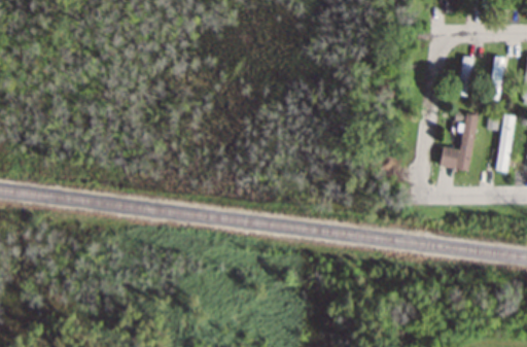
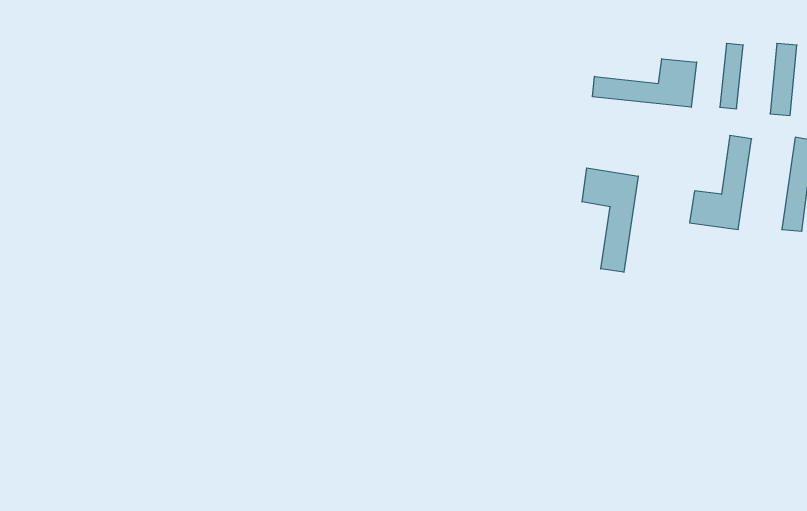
building: none -> [593,59,697,107]
building: none -> [582,168,638,272]

